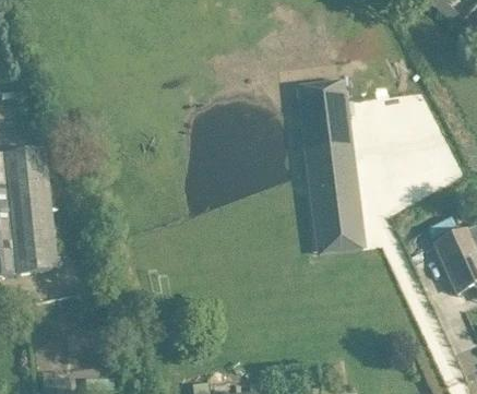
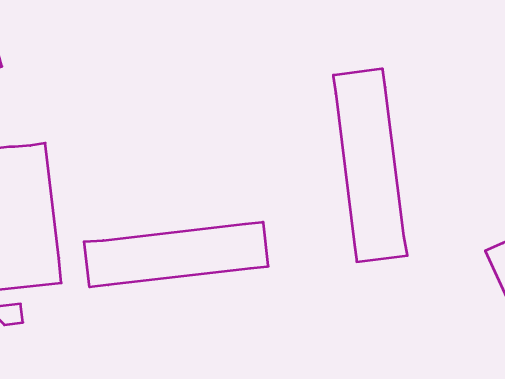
building: none -> [84,222,268,287]

